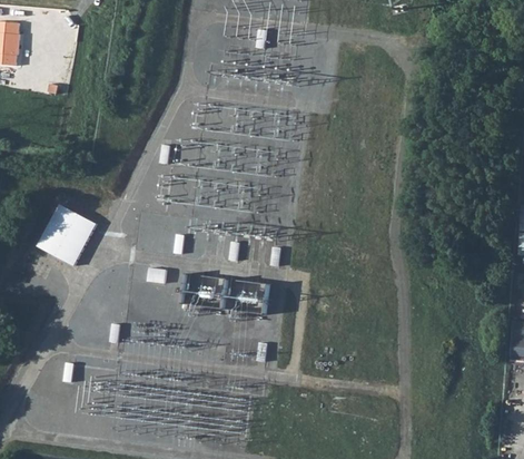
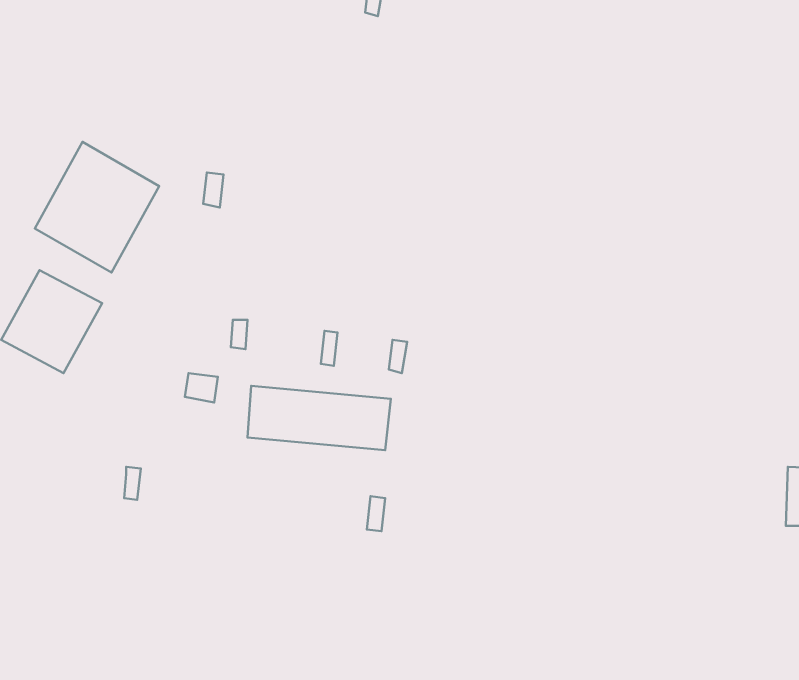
building: none -> [35,142,159,273]

